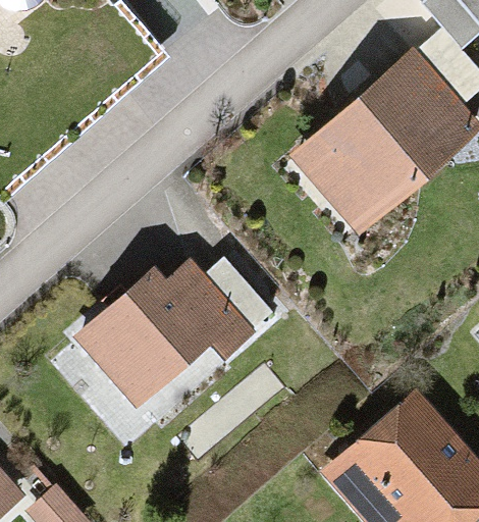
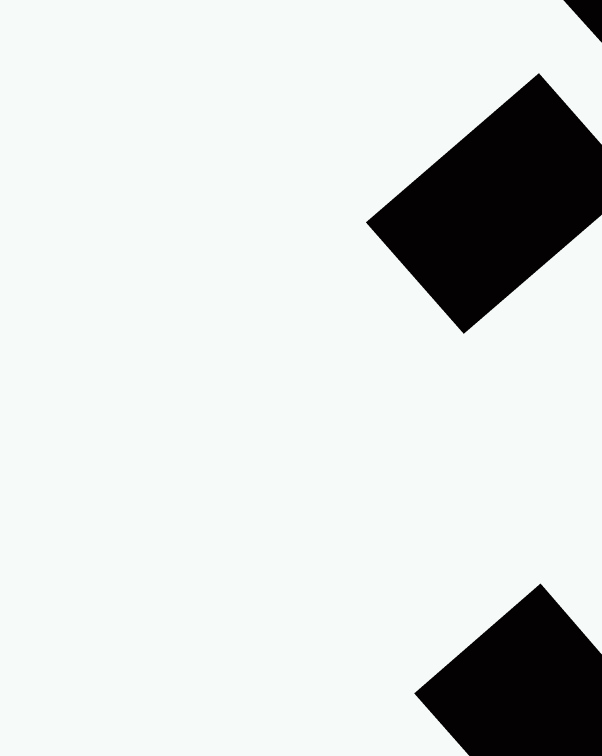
building: [92,240,271,414] -> none

